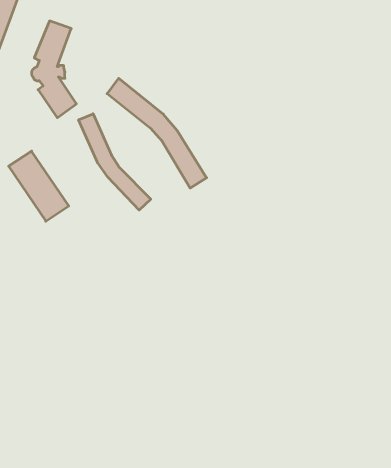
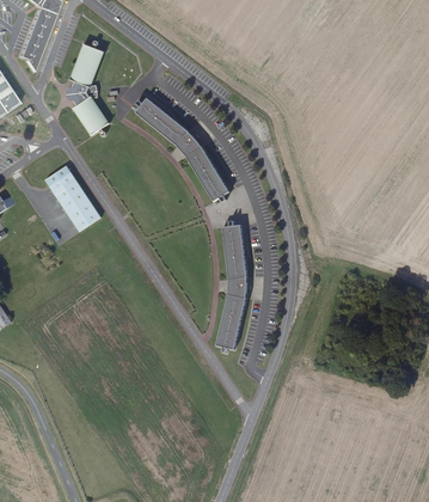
building: [79,114,151,210] -> none
building: none -> [217,226,249,350]

